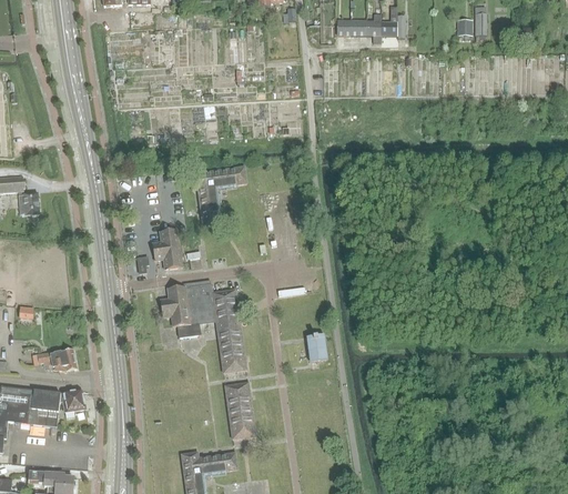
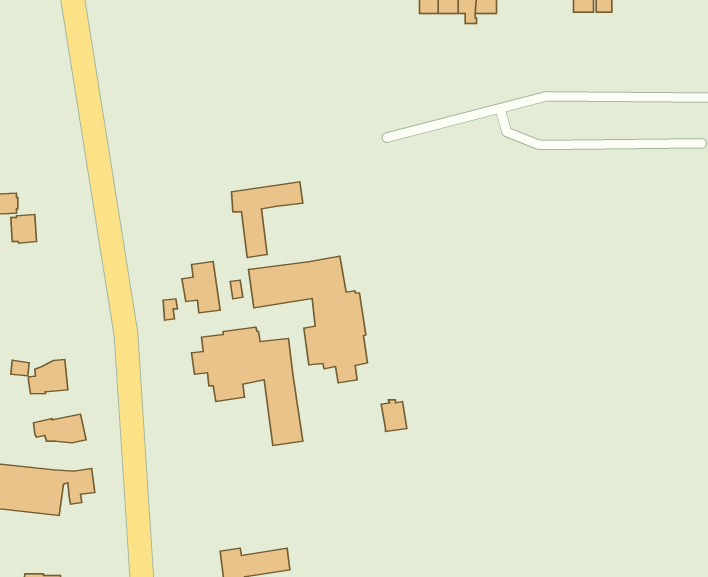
building: none -> [248,256,368,383]
building: none -> [28,359,68,394]
building: [224,383,254,438] -> none

